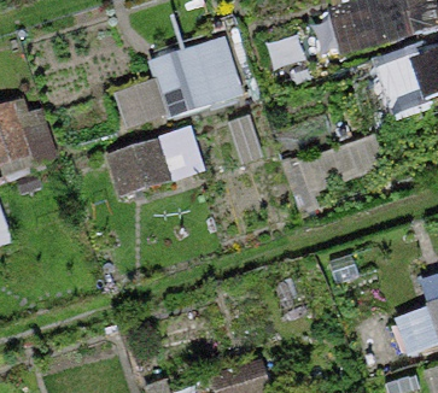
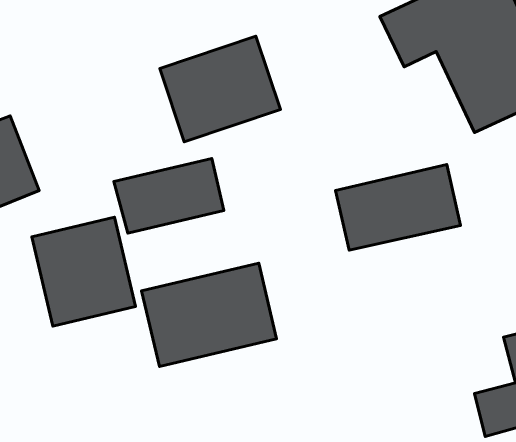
building: none -> [32,217,135,326]
building: none -> [142,263,276,366]

